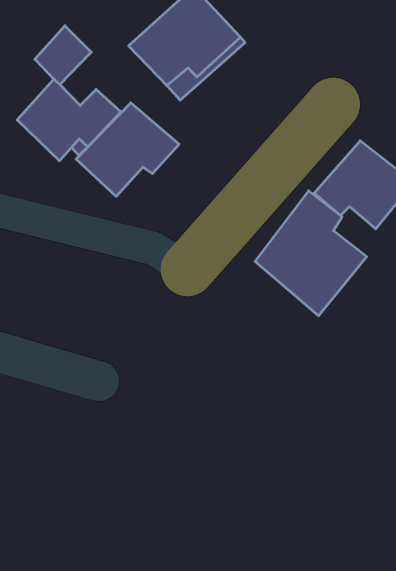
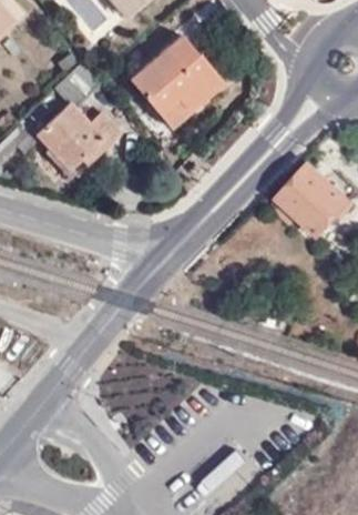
building: [76,103,179,196] -> none
building: [255,191,367,316] -> none

